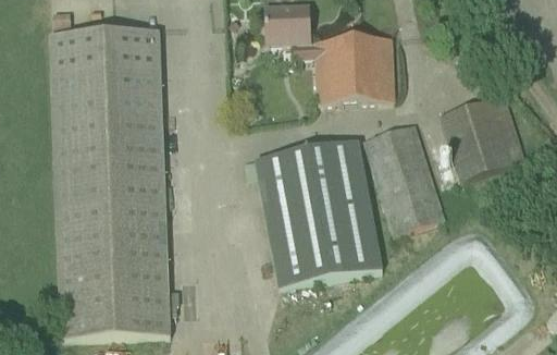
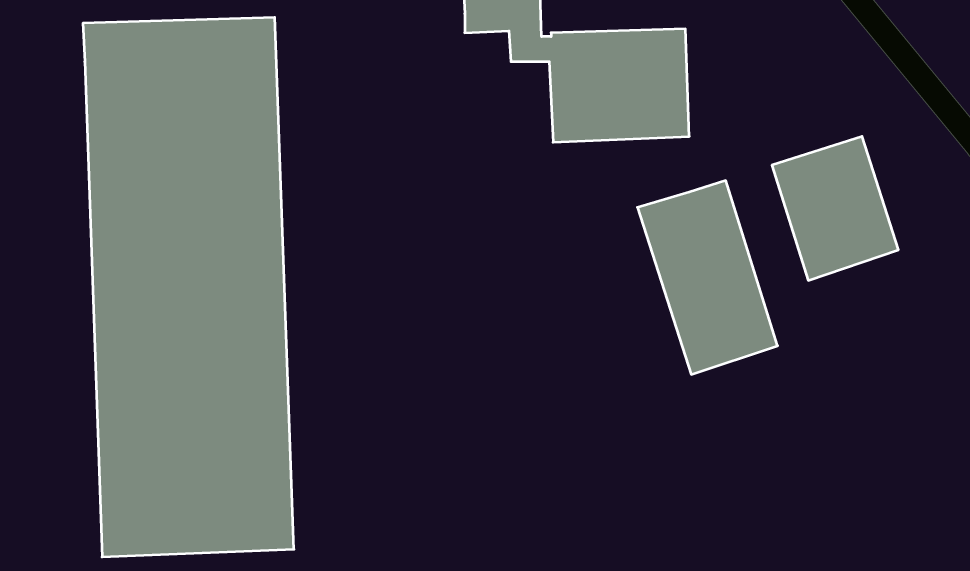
building: [253,138,384,286] -> none

